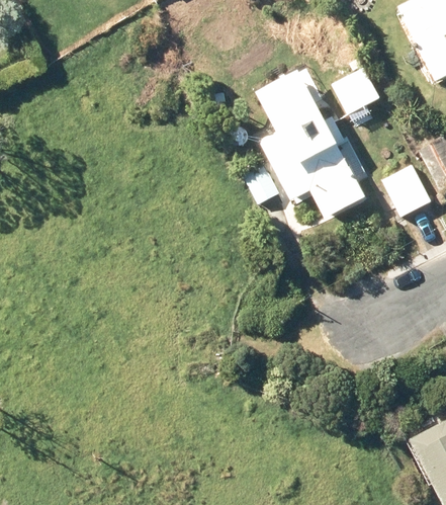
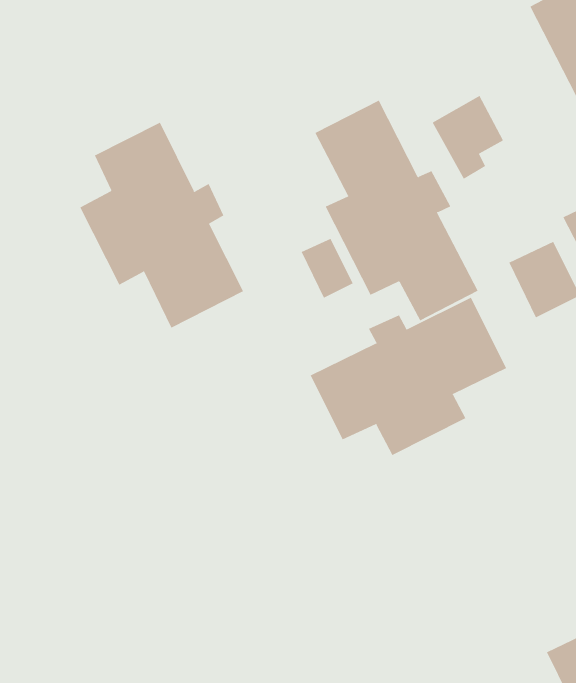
building: none -> [79,122,244,328]
building: none -> [310,297,507,456]

